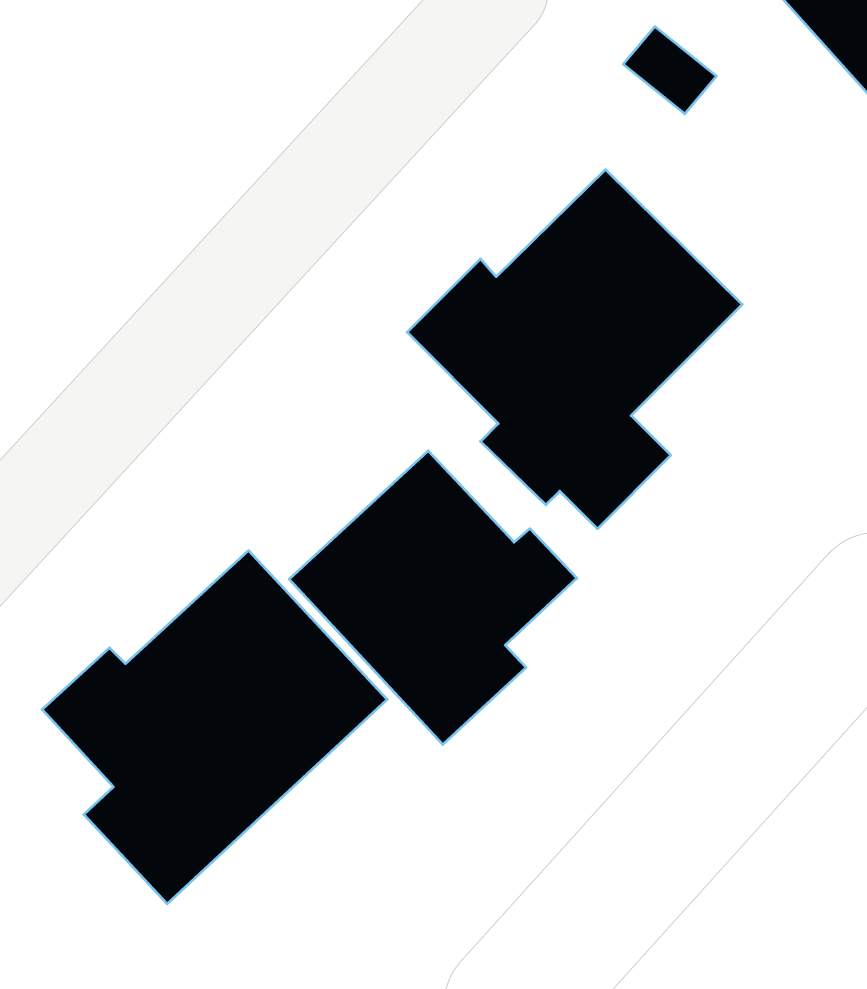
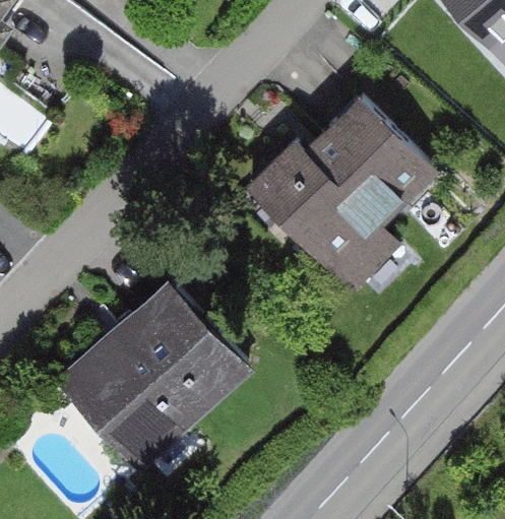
building: [289,451,577,745] -> none

